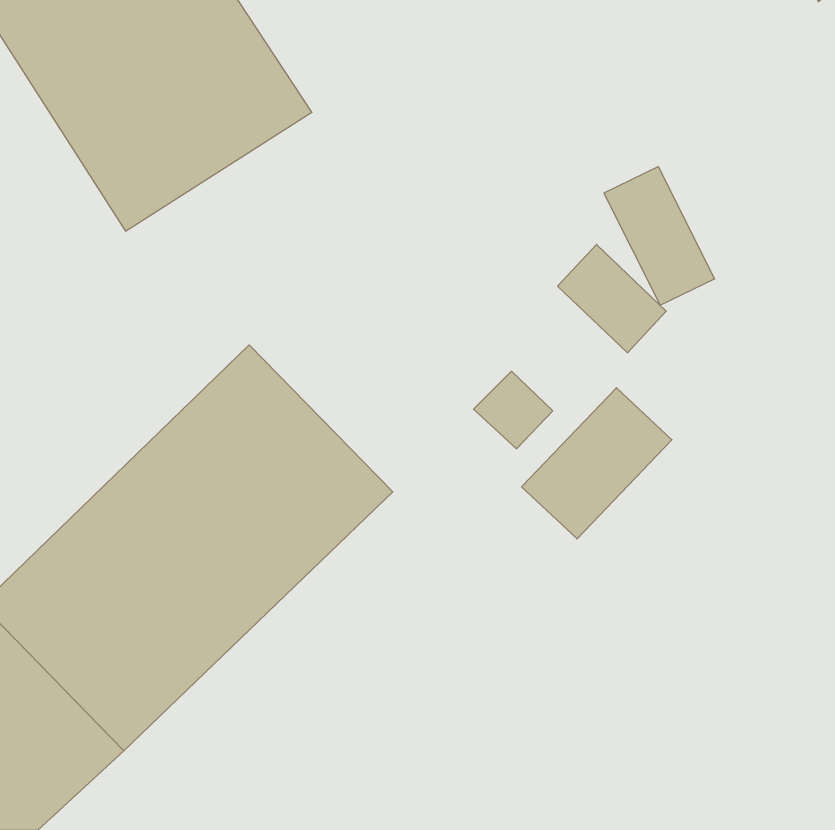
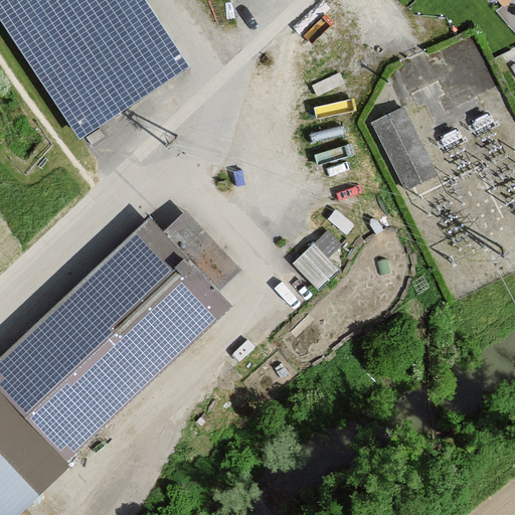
building: [558,244,666,353] -> none
building: [522,388,672,539] -> none

